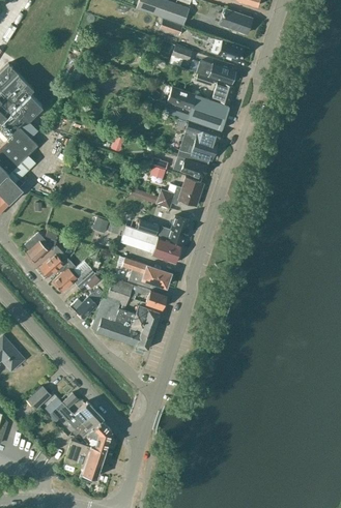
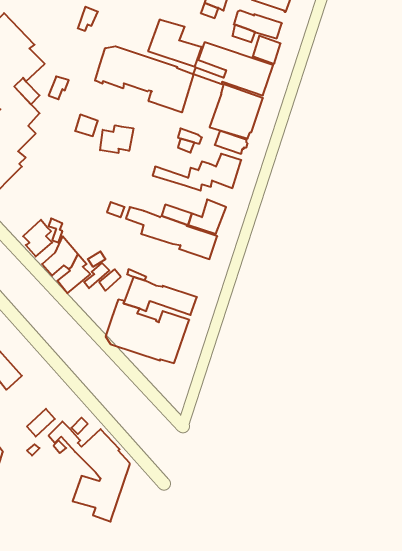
building: none -> [148,19,201,67]
building: none -> [95,46,194,112]
building: none -> [100,125,133,153]
building: [118,257,171,292] -> none
building: [70,288,104,319] -> none

